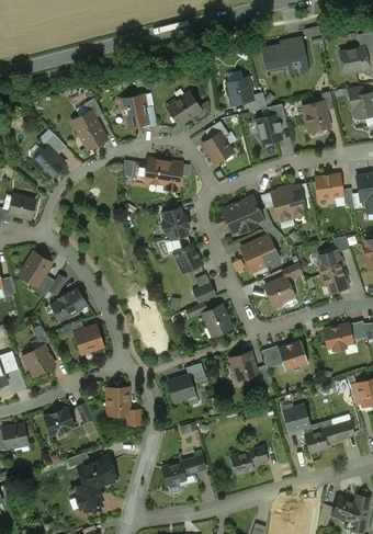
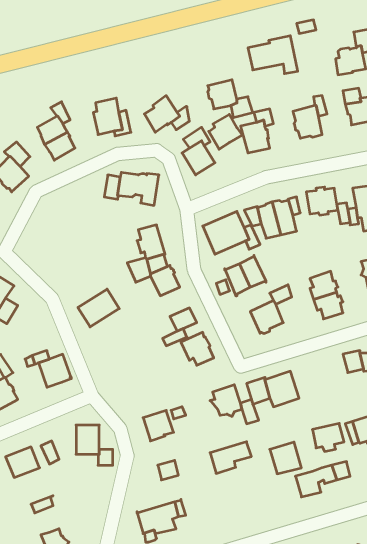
building: none -> [209,114,242,149]
building: [50,287,88,321] -> [78,289,119,327]
building: [324,325,352,350] -> [312,423,344,451]
building: [230,446,268,475] -> [210,442,251,473]
building: [77,455,117,488] -> none

